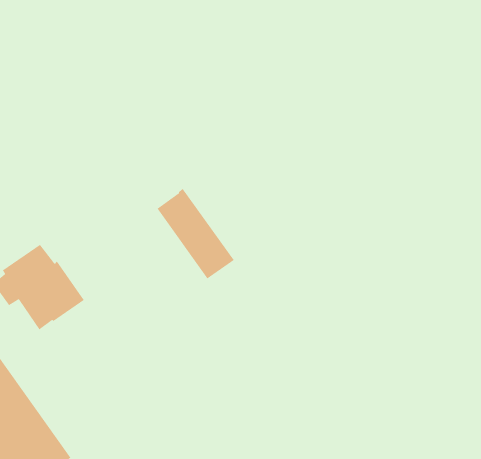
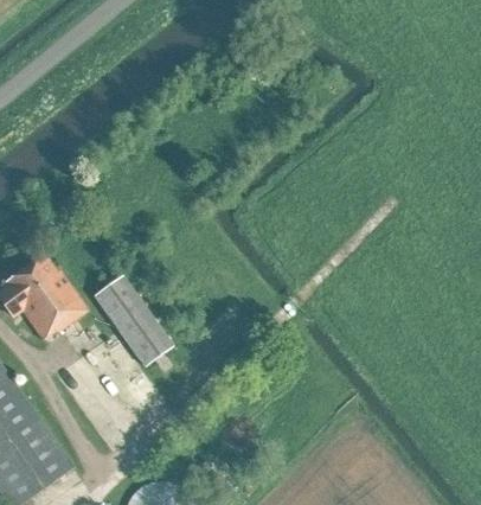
building: [156,188,235,279] -> [95,275,172,365]

